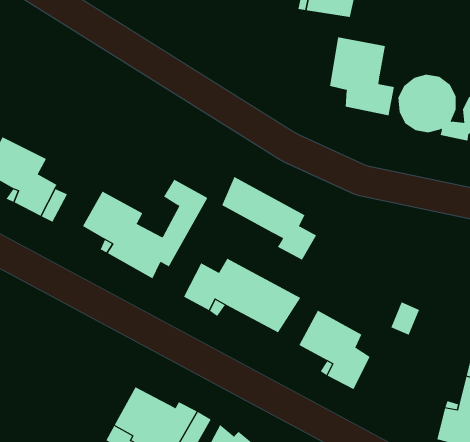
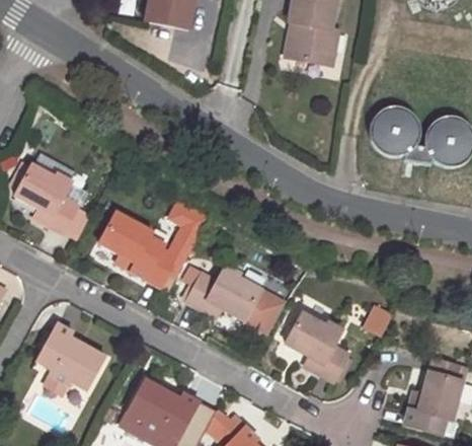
building: [330,37,395,116] -> none
building: [221,176,317,261] -> none
building: none -> [36,322,103,389]

